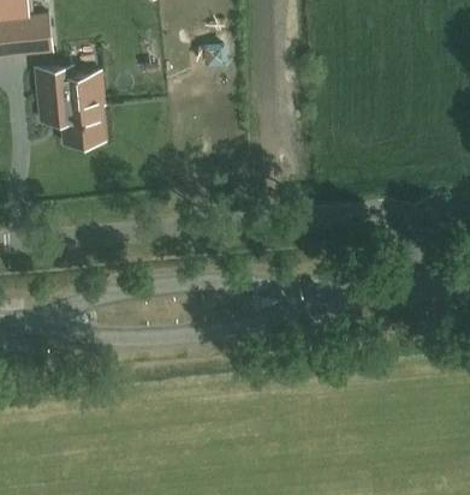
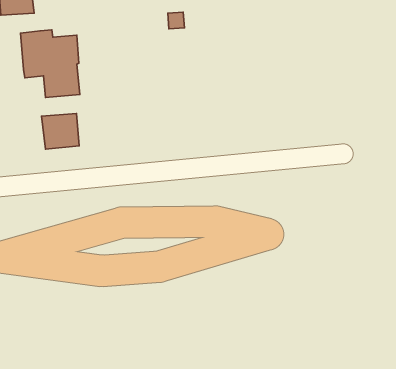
building: none -> [41,114,79,149]

